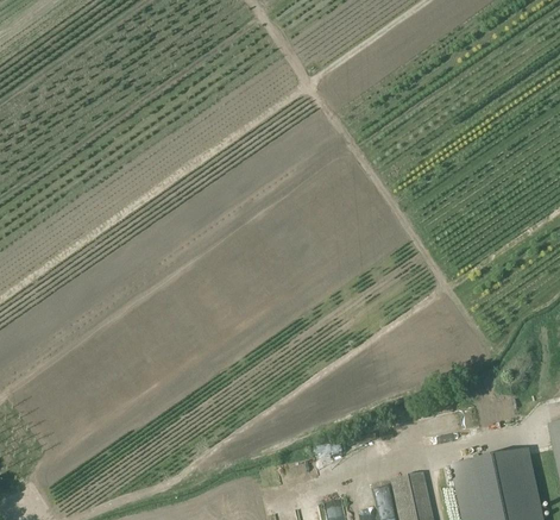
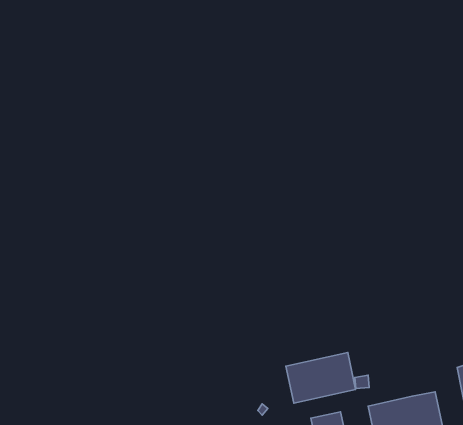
building: none -> [286,353,356,403]

